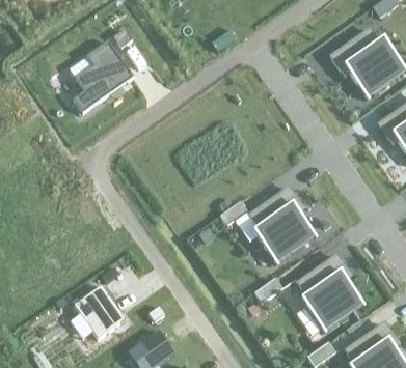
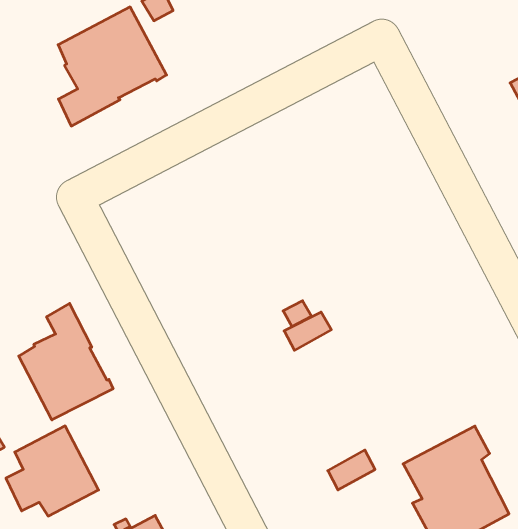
building: [249,188,314,262] -> none
building: none -> [19,303,113,420]

